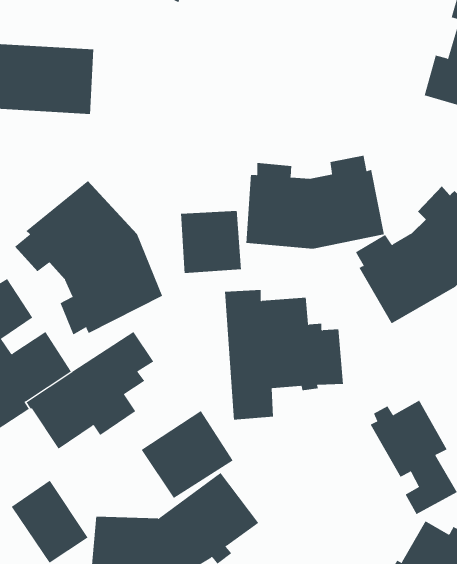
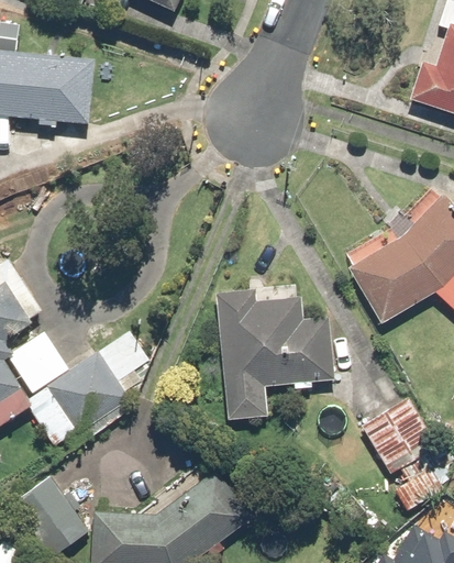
building: [246,155,384,250] -> none
building: [14,180,163,336] -> none
building: [181,210,241,274] -> none
building: [141,410,233,499] -> none

